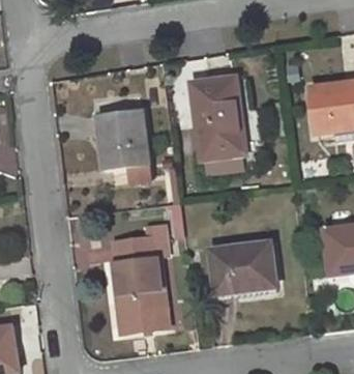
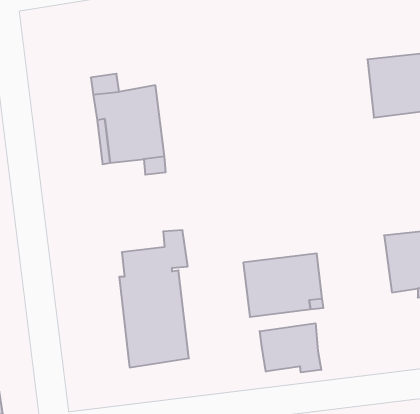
building: [191,77,245,159] -> none
building: none -> [260,323,321,372]

